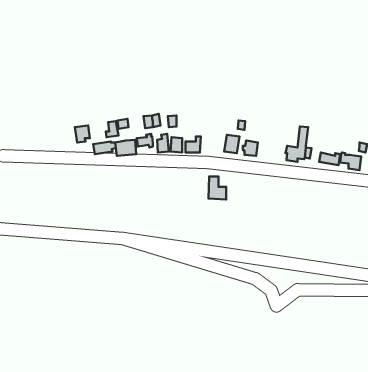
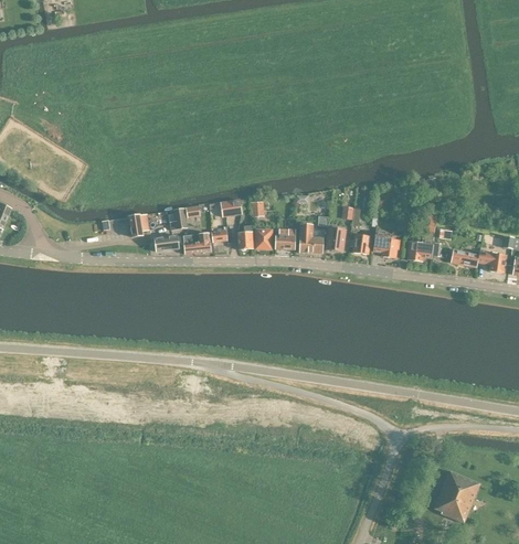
building: none -> [373,233,400,258]
building: [208,177,226,199] -> [299,224,322,254]
building: none -> [434,471,479,522]

